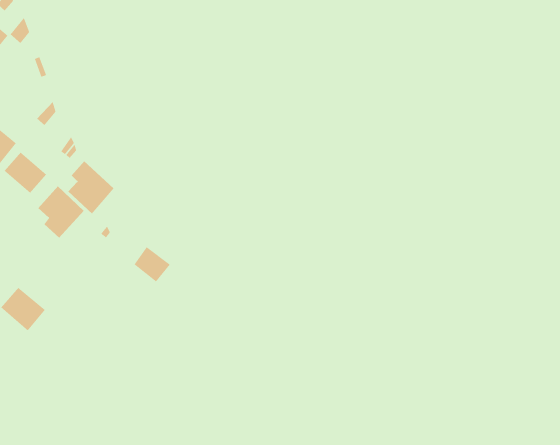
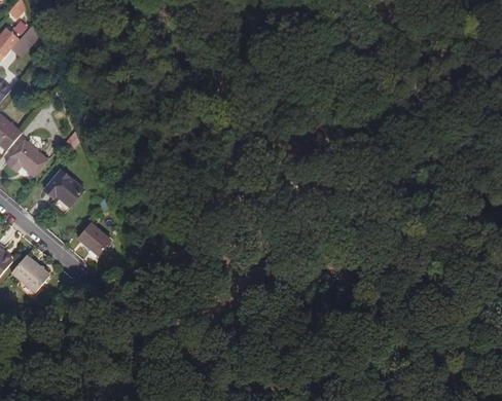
building: [67,161,115,214] -> none
building: [133,246,171,282] -> [78,224,110,255]

